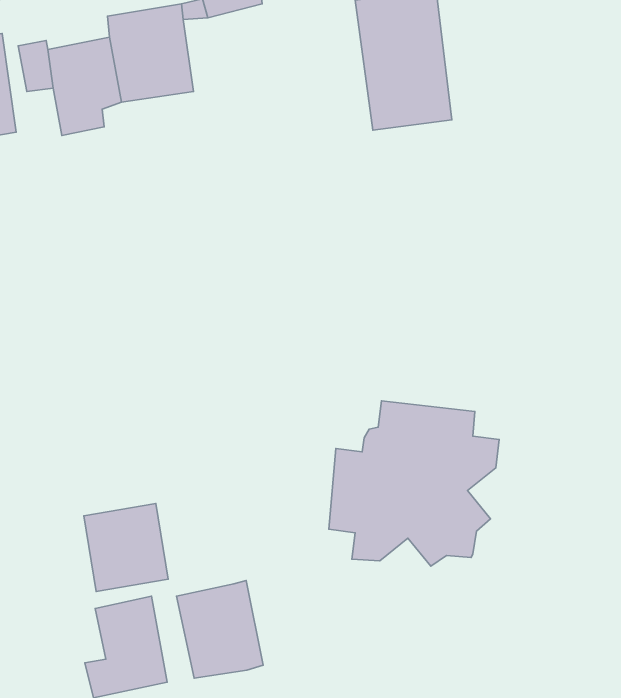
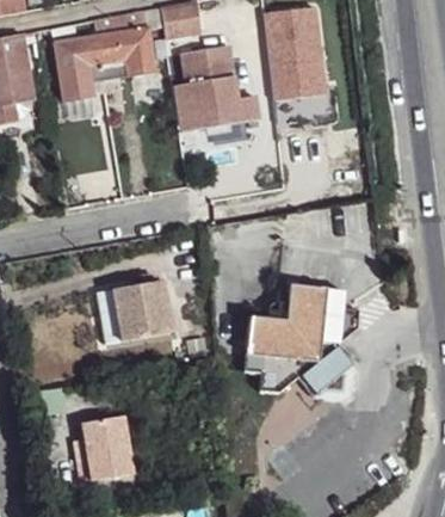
building: none -> [185,42,259,129]
building: [84,504,168,591] -> [112,279,169,339]
building: [177,581,263,678] -> none

